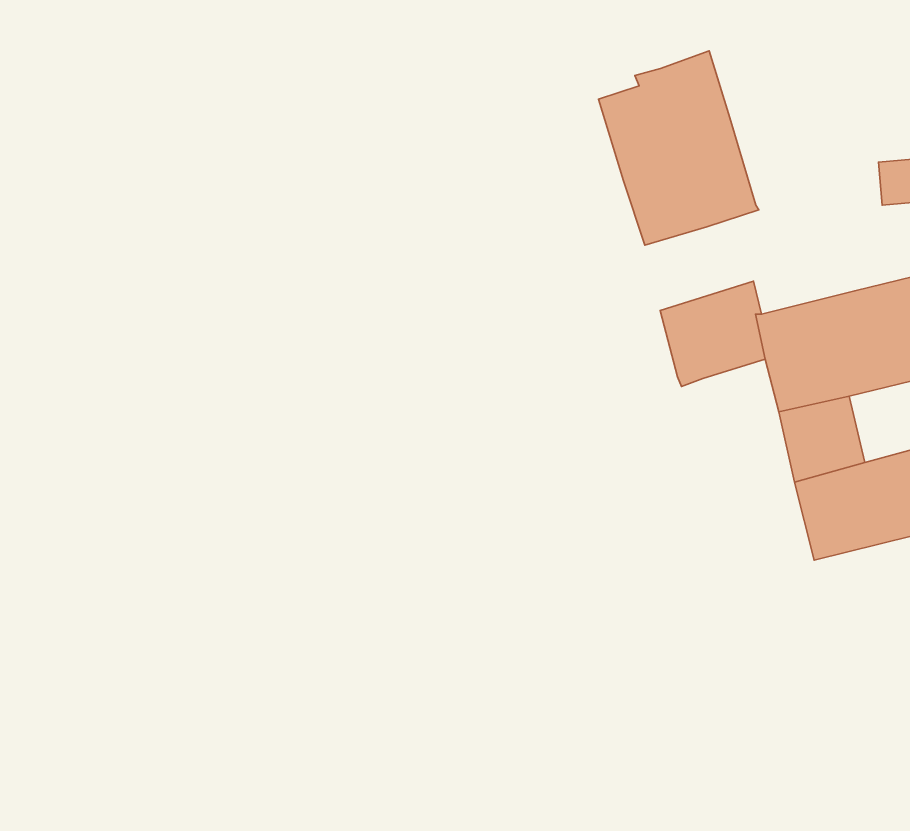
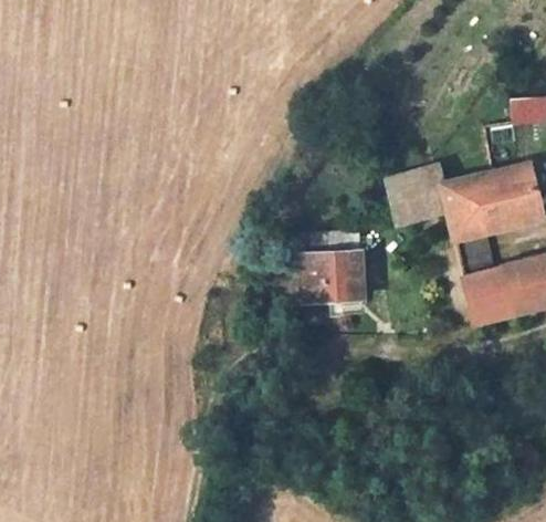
building: [598,51,759,245] -> none
building: none -> [298,232,363,302]

